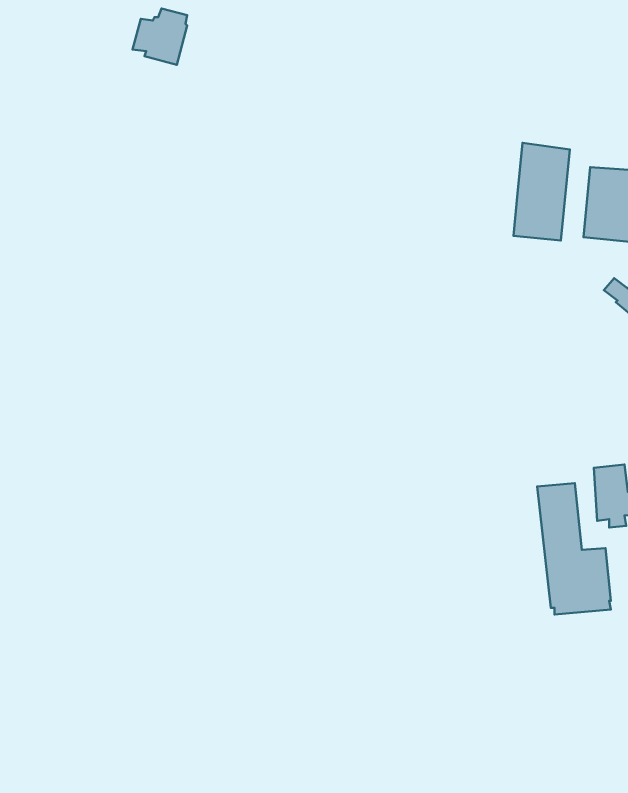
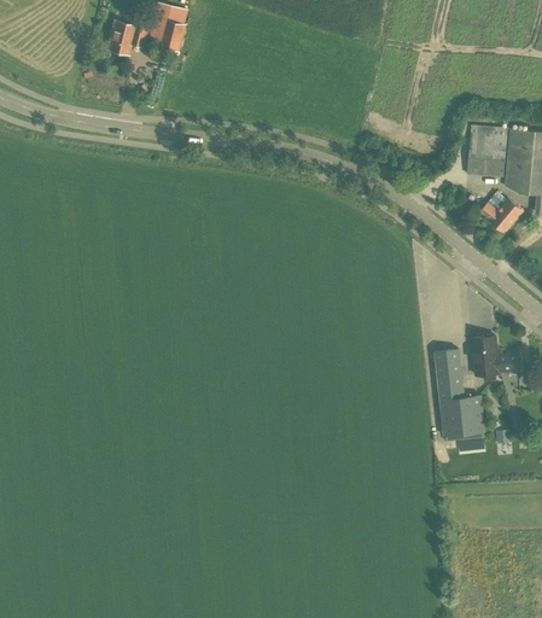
building: none -> [107,21,148,54]
building: [514,143,570,240] -> none

